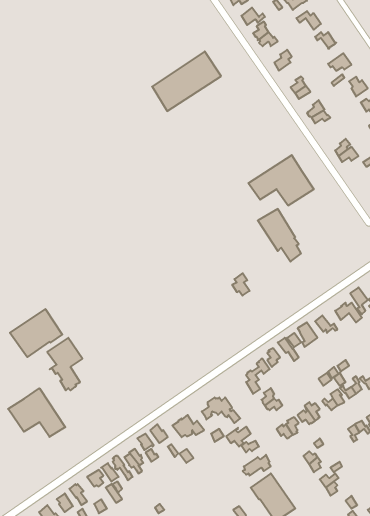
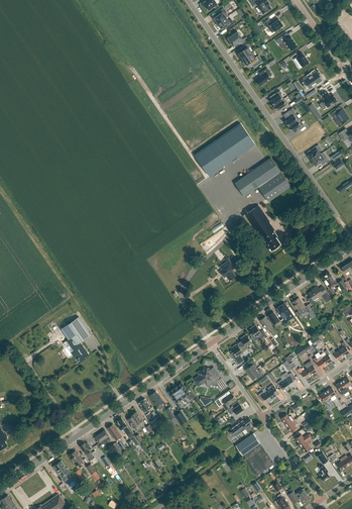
building: [152,51,221,111] -> [197,123,256,175]
building: [10,309,62,357] -> none
building: [8,388,65,437] -> none

